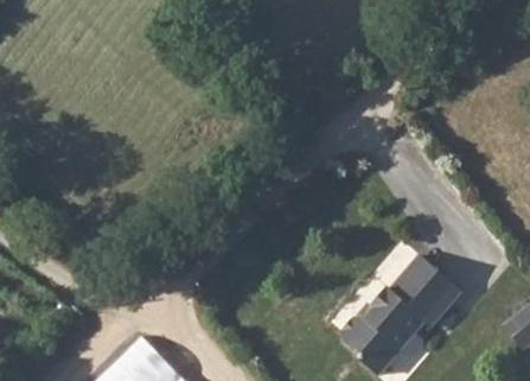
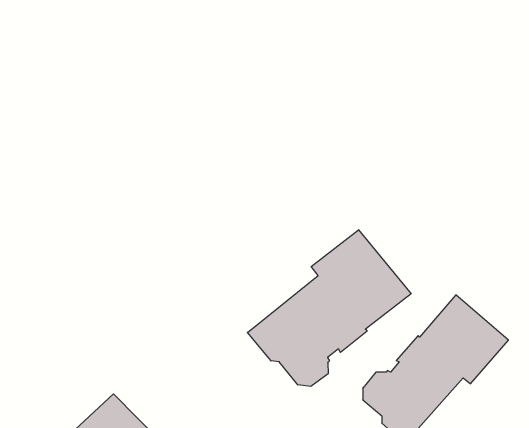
building: none -> [247,230,411,386]

